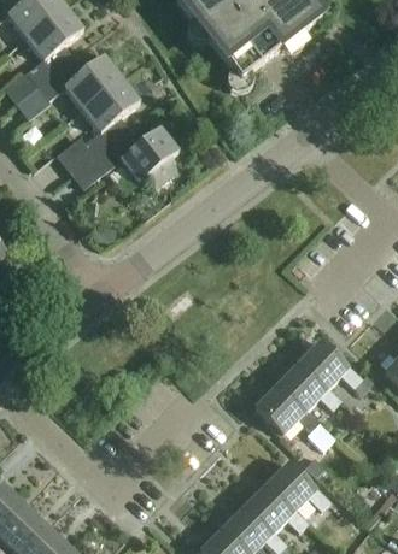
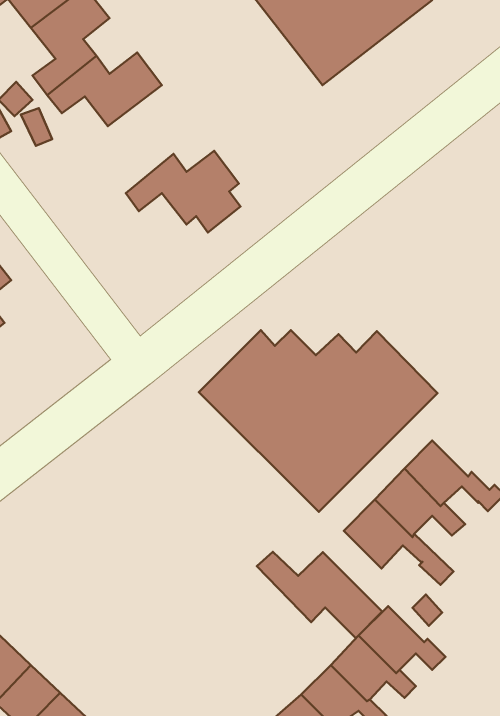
building: [59,79,139,171] -> none
building: none -> [199,330,438,512]
building: none -> [257,552,382,638]

